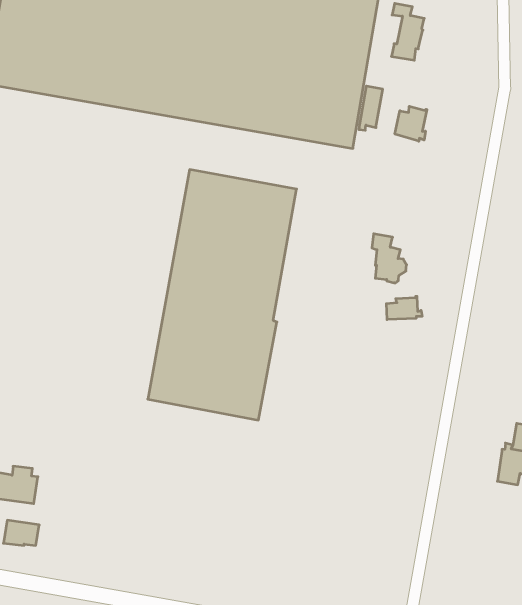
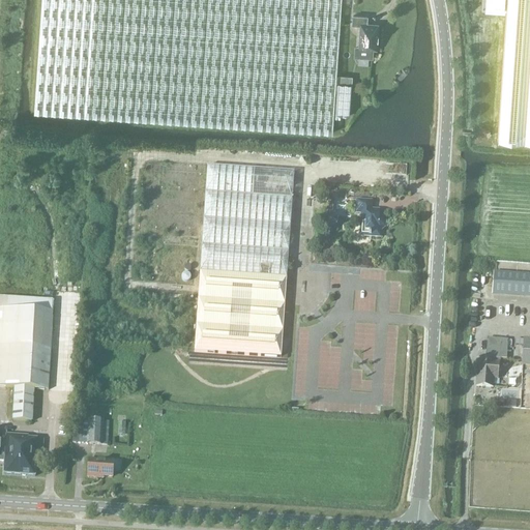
building: [395,106,427,141] -> none
building: [386,296,422,320] -> none

